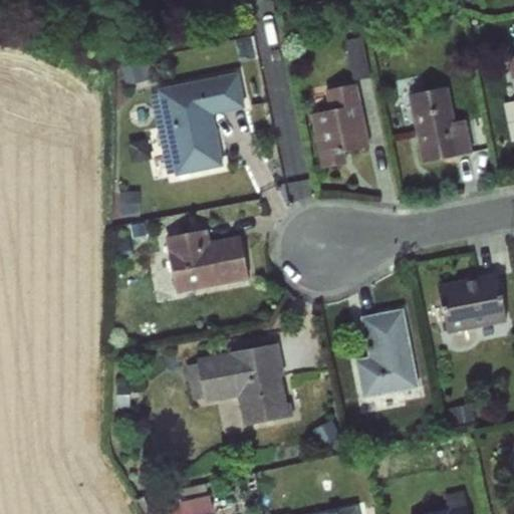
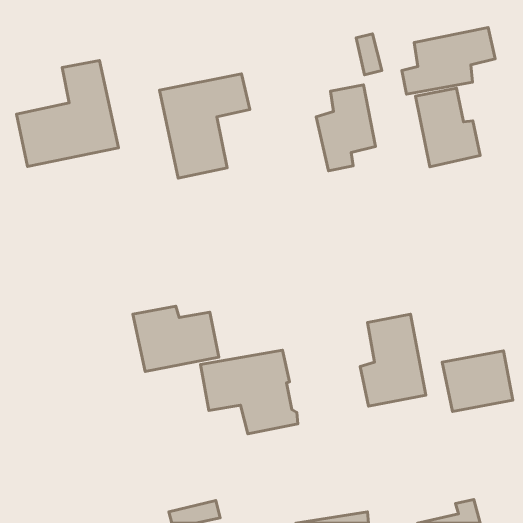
building: none -> [402,28,495,94]
building: none -> [17,61,118,167]
building: [165,229,249,293] -> [133,306,219,372]
building: [438,273,507,332] -> [442,351,513,411]

